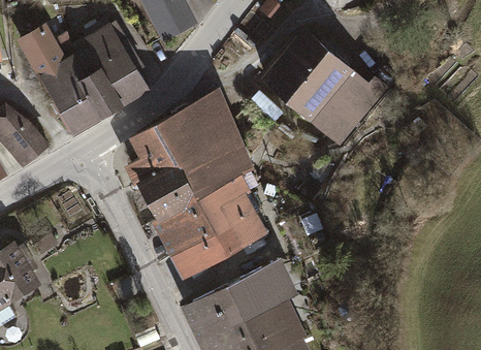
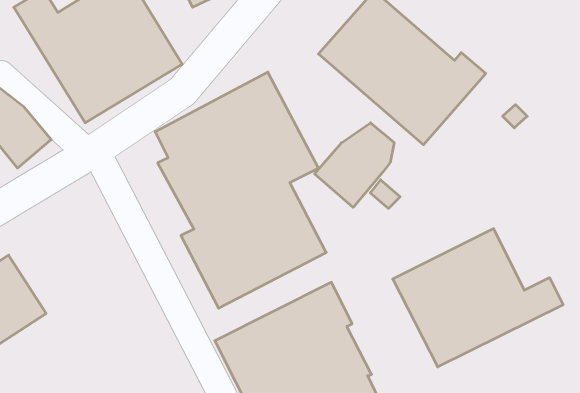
building: none -> [315,123,394,207]
building: none -> [393,229,563,367]

